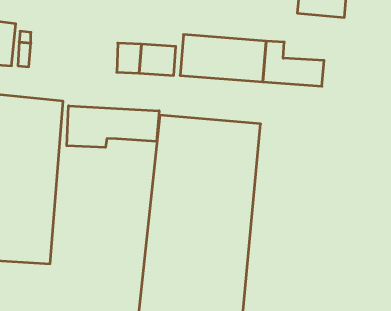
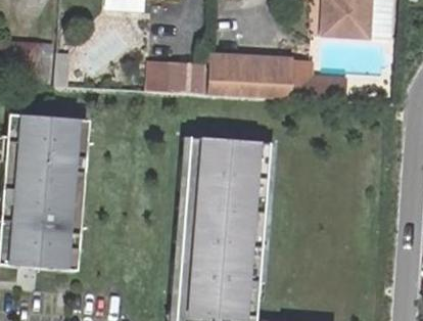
building: [67,106,159,147] -> none

